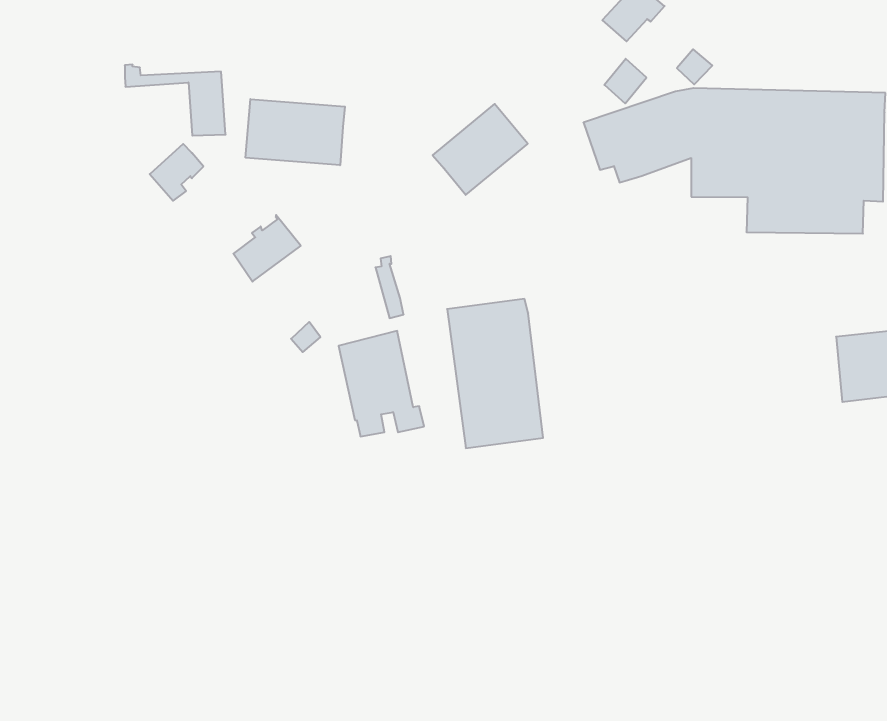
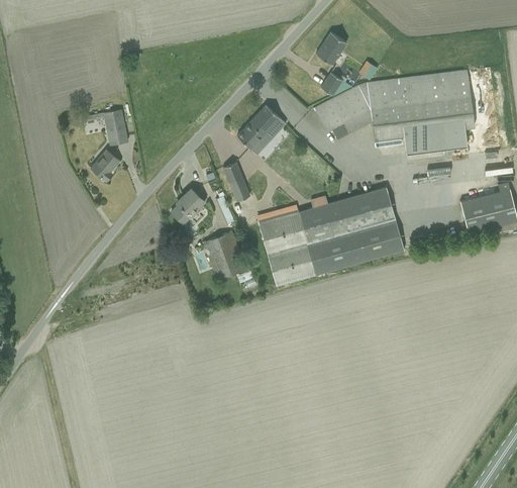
building: [246,99,345,165] -> none
building: none -> [223,162,250,200]
building: [233,215,301,282] -> [172,188,206,224]
building: none -> [299,186,404,275]

